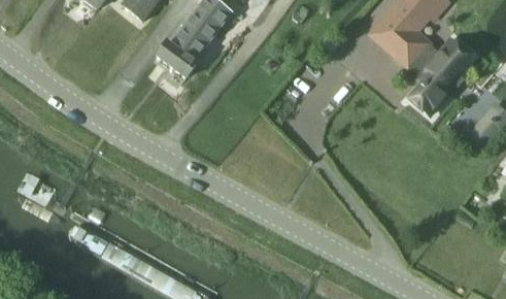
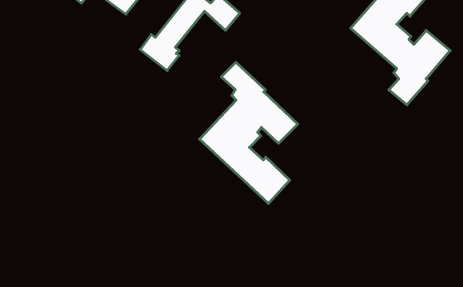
building: none -> [199,62,298,204]

